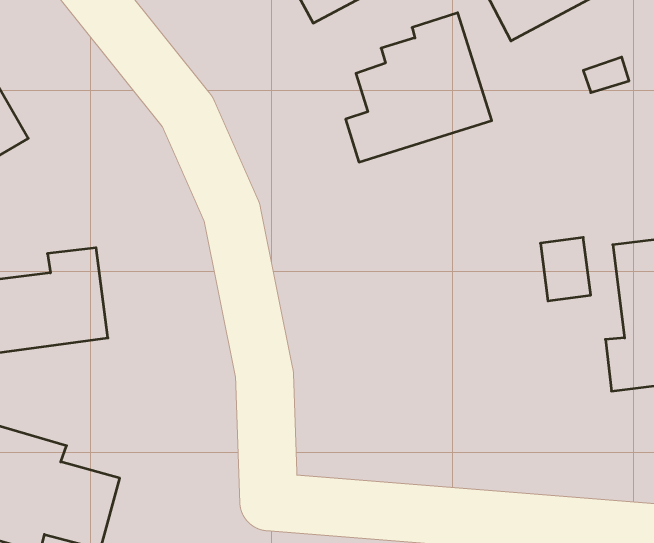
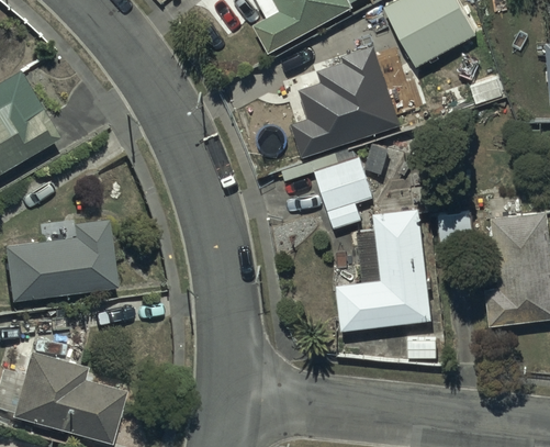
building: none -> [282,153,373,228]
building: none -> [337,208,431,328]

